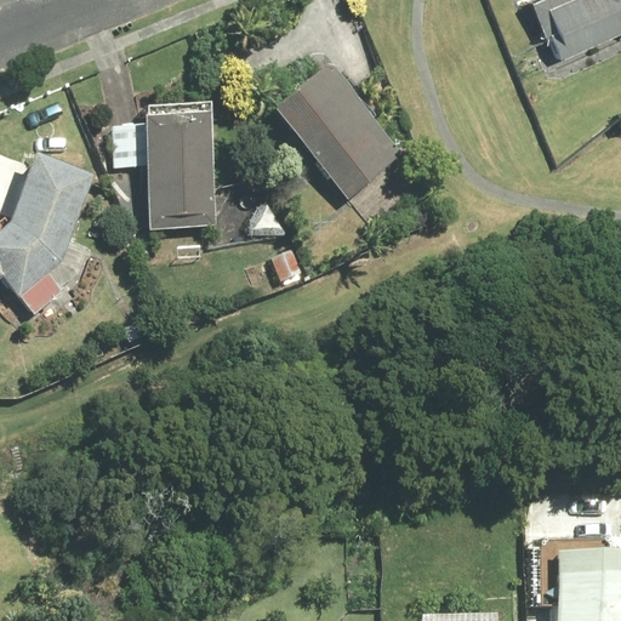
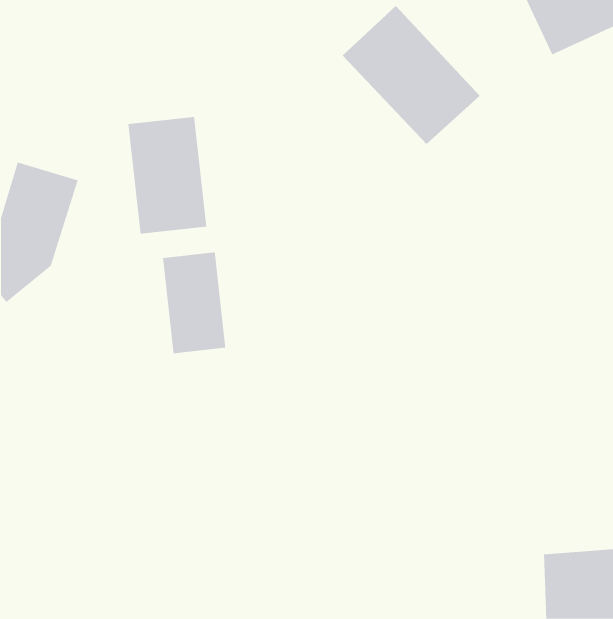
building: [270,63,408,201] -> [342,5,480,145]
building: none -> [163,252,226,354]

